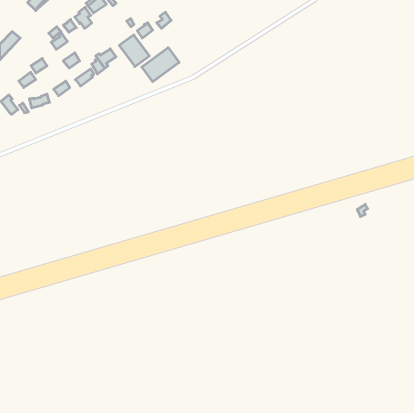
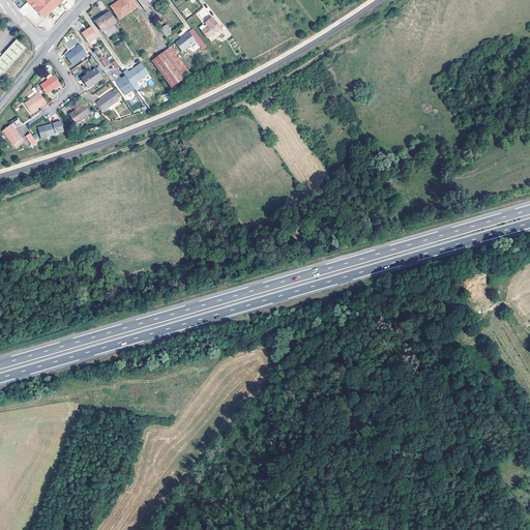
building: [142,48,179,82] -> none

